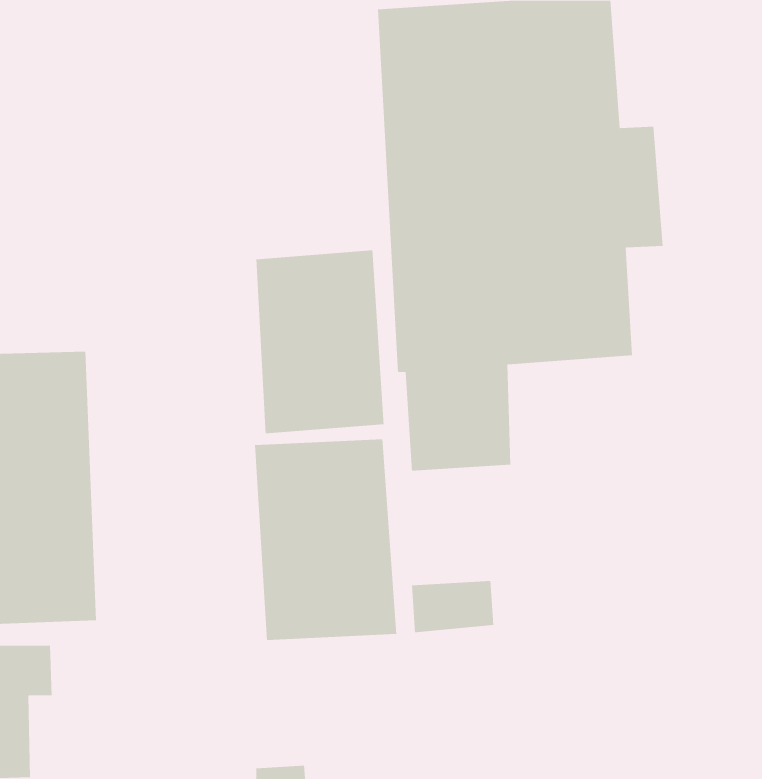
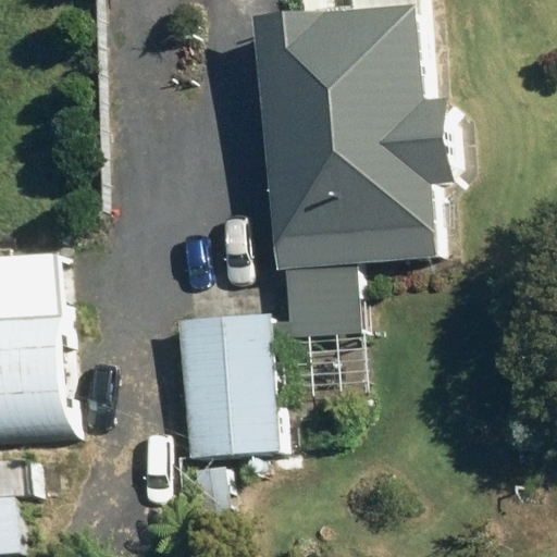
building: [256,250,384,434] -> none

